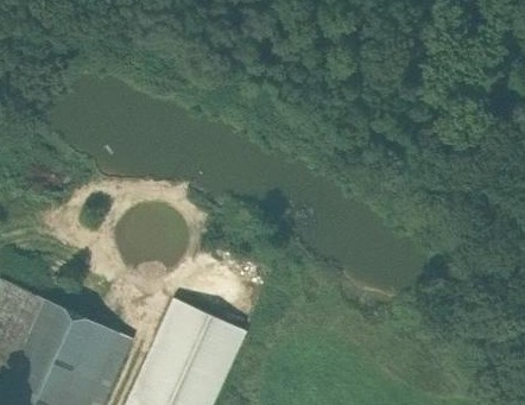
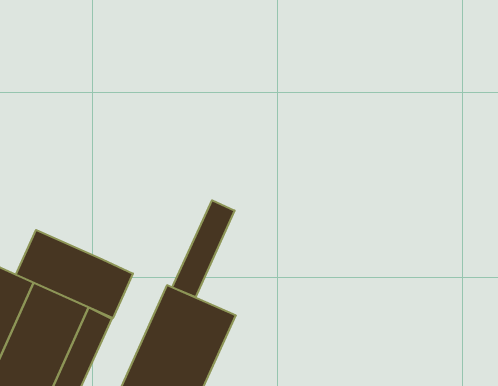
building: none -> [172,200,235,297]
building: none -> [16,230,133,318]

